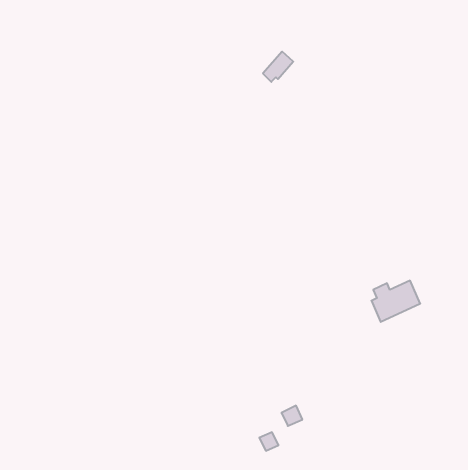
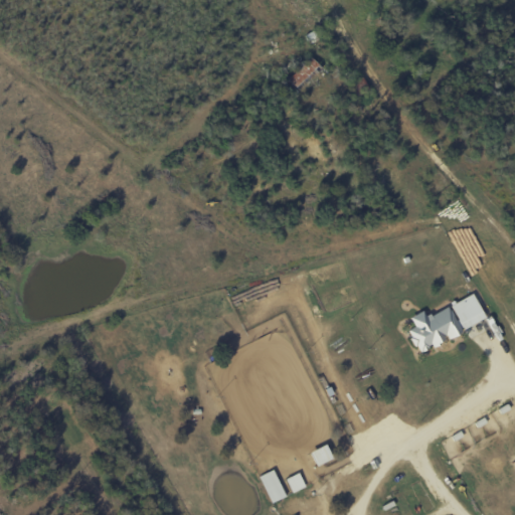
building: none -> [451,293,487,330]
building: none -> [260,470,287,503]

